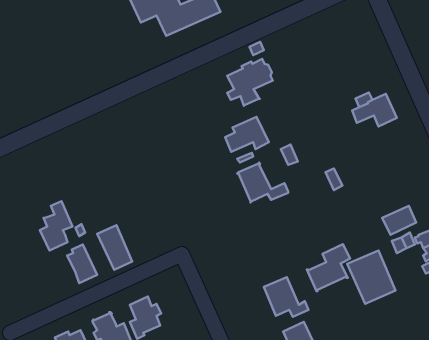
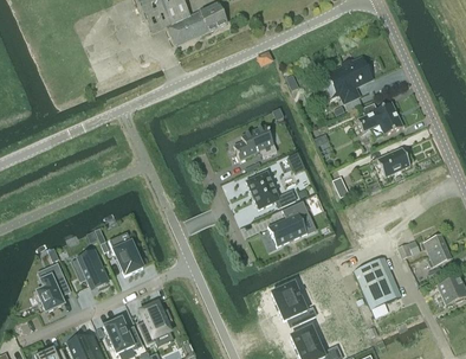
building: [227,59,273,106] -> [328,56,373,102]
building: [40,201,72,251] -> [37,262,69,310]
building: [382,206,416,235] -> [377,147,410,175]
building: [307,244,350,291] -> [267,199,310,245]

